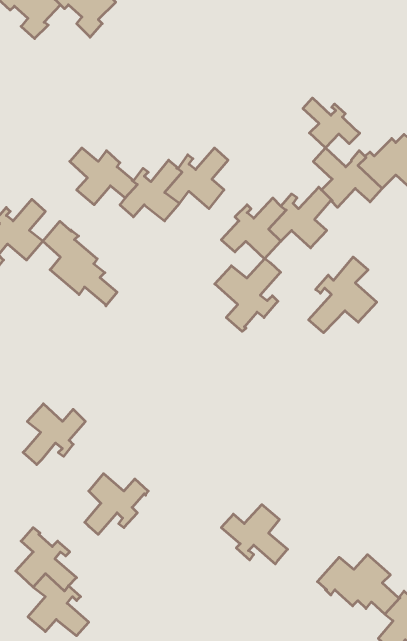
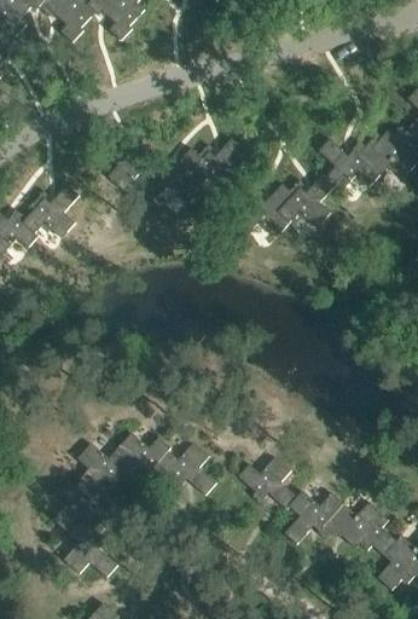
building: [303,98,360,148] -> none
building: [43,221,117,306] -> none
building: [309,257,377,333] -> none
building: [215,259,281,331] -> none
building: [23,404,85,465] -> [74,440,129,494]
building: none -> [157,440,217,493]
building: none -> [283,491,342,544]

